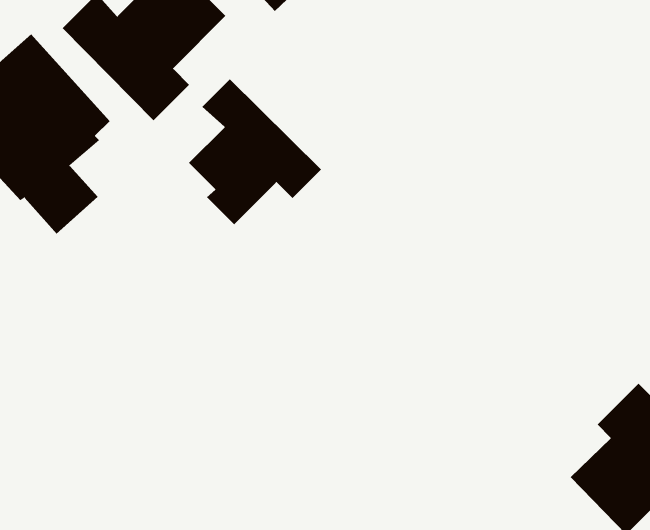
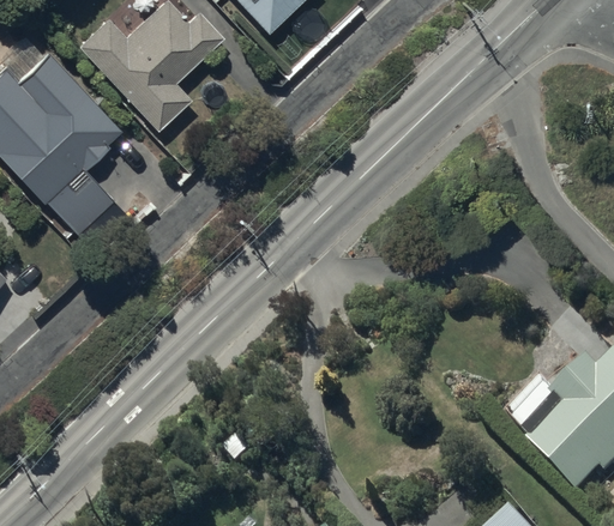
building: [188,78,322,225] -> none

